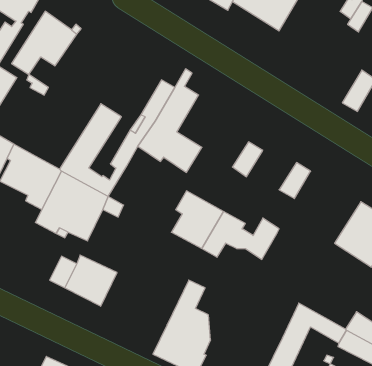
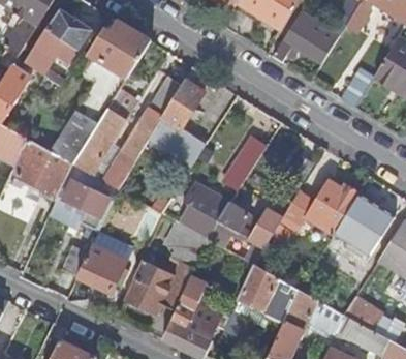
building: none -> [272,10,339,62]
building: none -> [50,21,149,161]
building: none -> [279,179,358,232]
building: none -> [123,220,210,313]
building: none -> [220,265,300,341]

